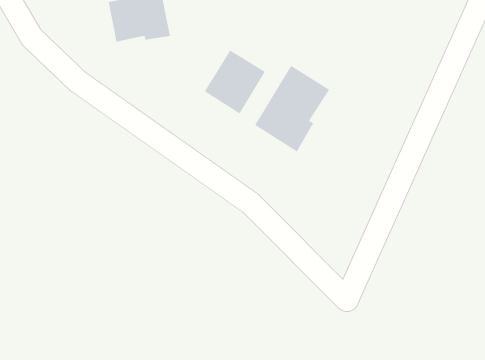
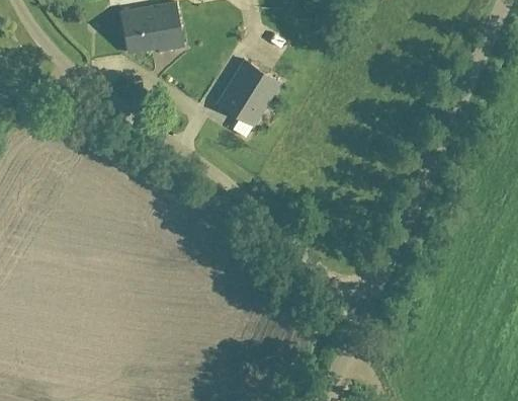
building: [254,65,330,153] -> none

